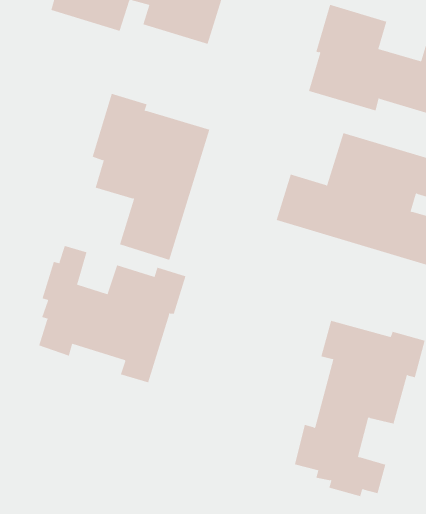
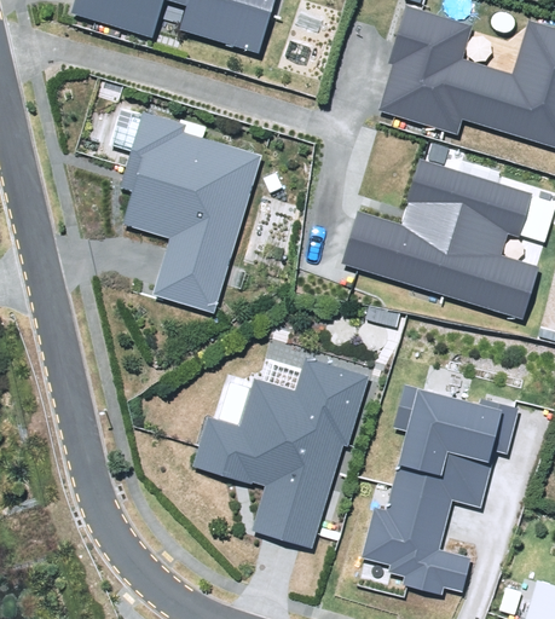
building: [38,245,186,383] -> none
building: none -> [195,359,368,548]

